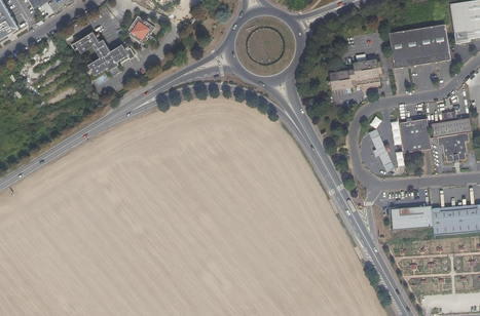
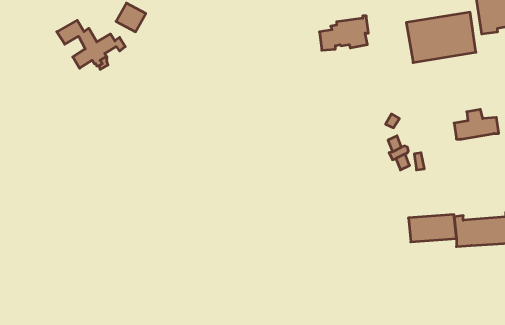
building: [337,57,381,88] -> [319,16,368,50]
building: [398,117,431,152] -> none
building: [437,132,469,162] -> none

